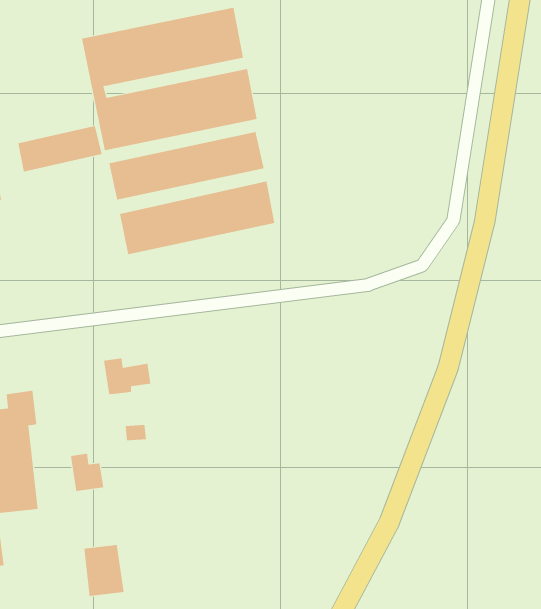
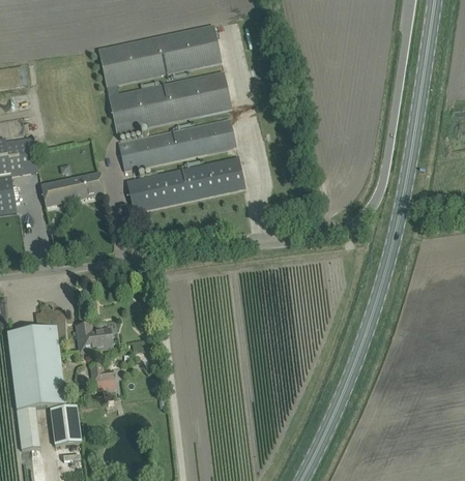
building: [18,126,102,172] -> [40,171,105,206]
building: [103,358,151,395] -> [76,323,112,351]
building: [83,544,124,596] -> [50,404,81,444]

